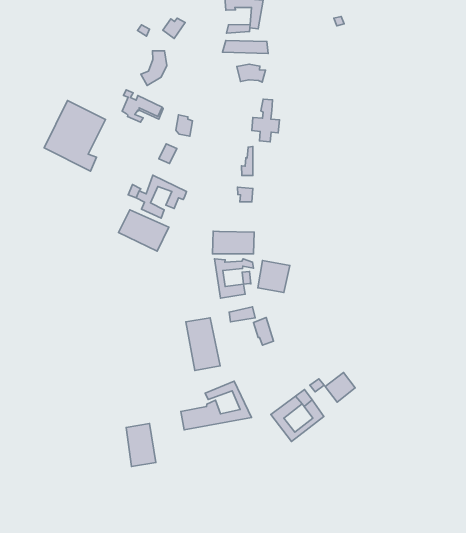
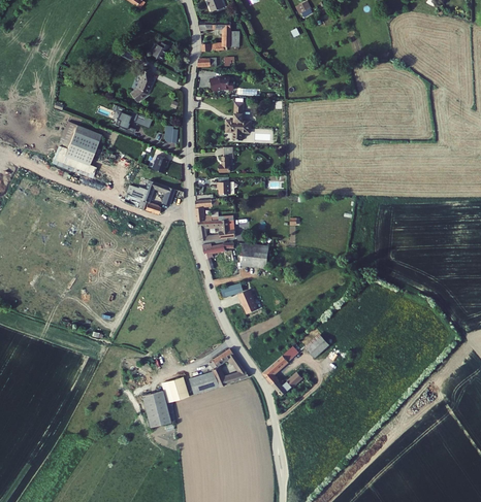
building: [119,210,169,251] -> none
building: [186,318,220,370] -> none
building: none -> [162,374,186,399]

